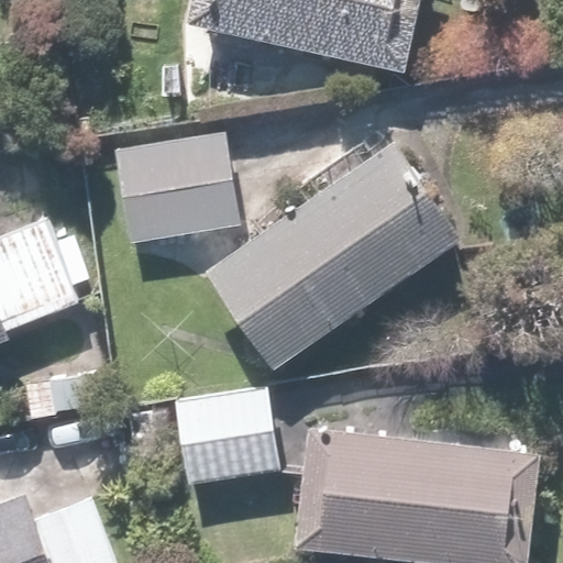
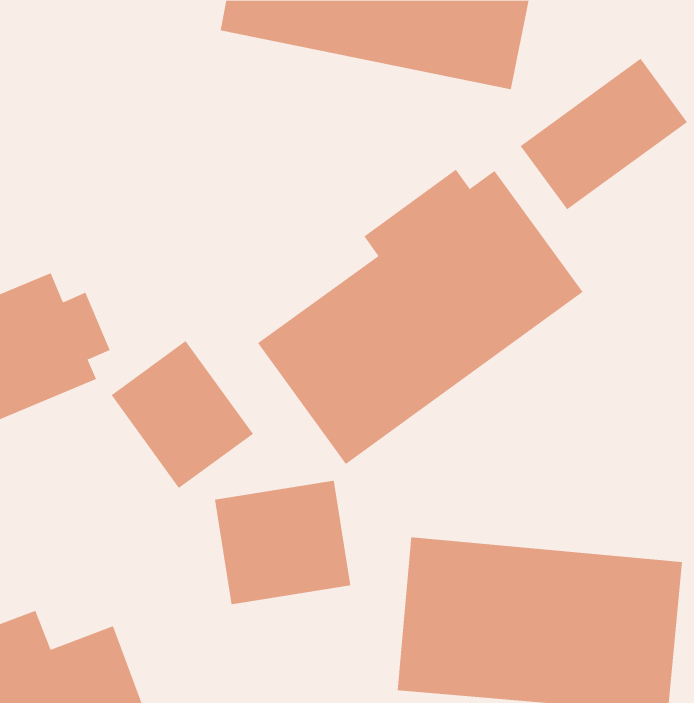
building: none -> [520,58,688,210]
building: [109,128,239,245] -> none
building: none -> [111,340,254,489]

